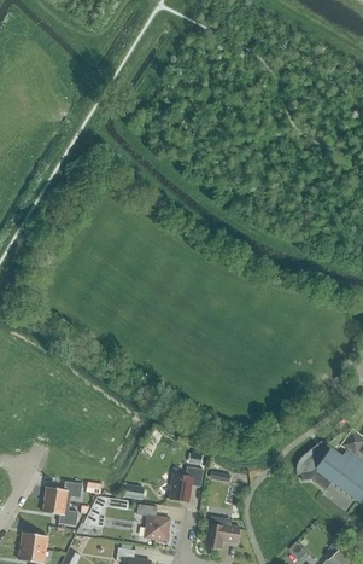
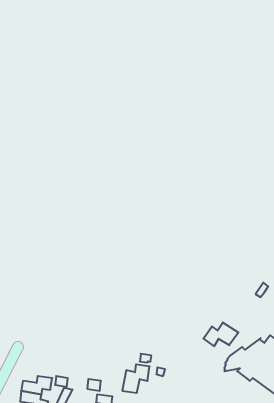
building: none -> [203,322,238,346]

